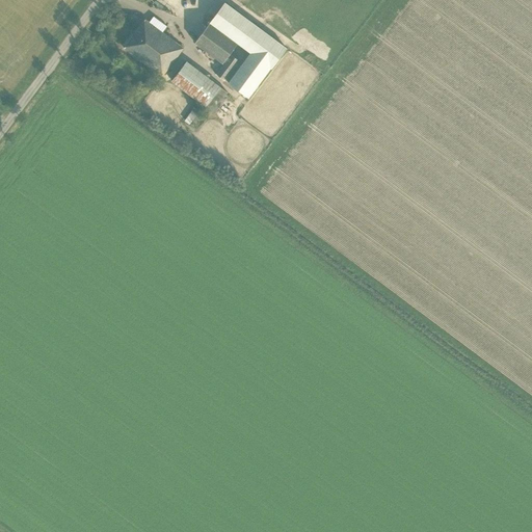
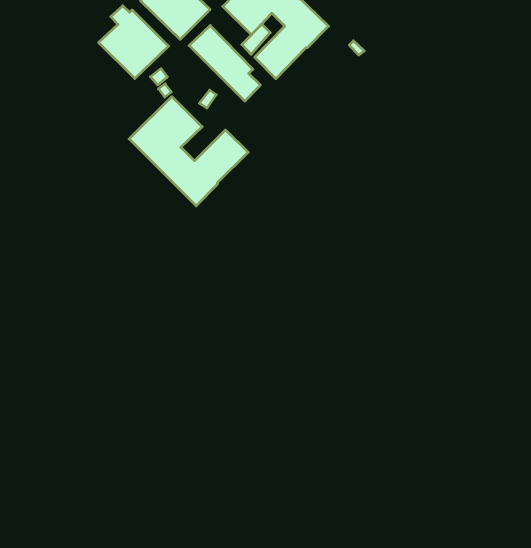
building: none -> [99,6,169,79]
building: none -> [129,97,248,206]

